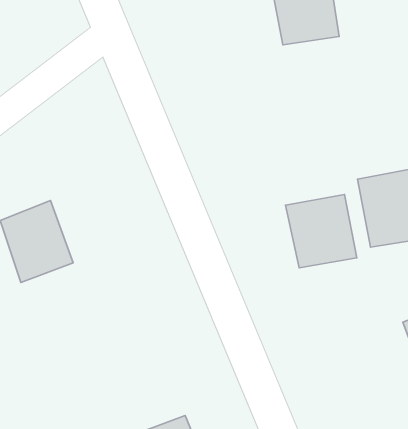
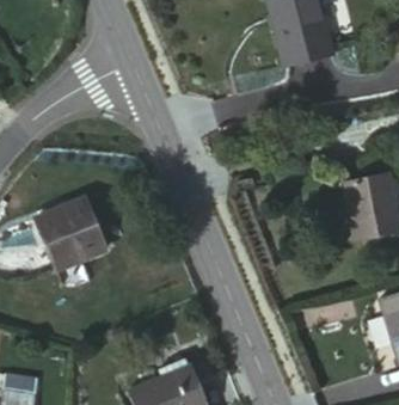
building: [285,195,357,268] -> none

